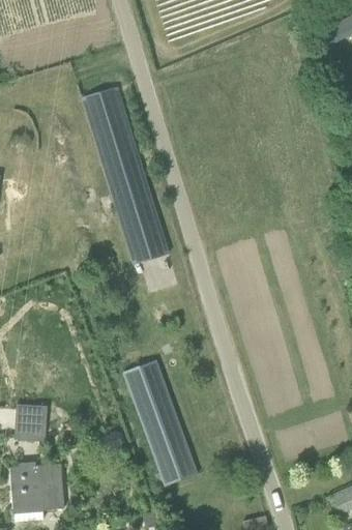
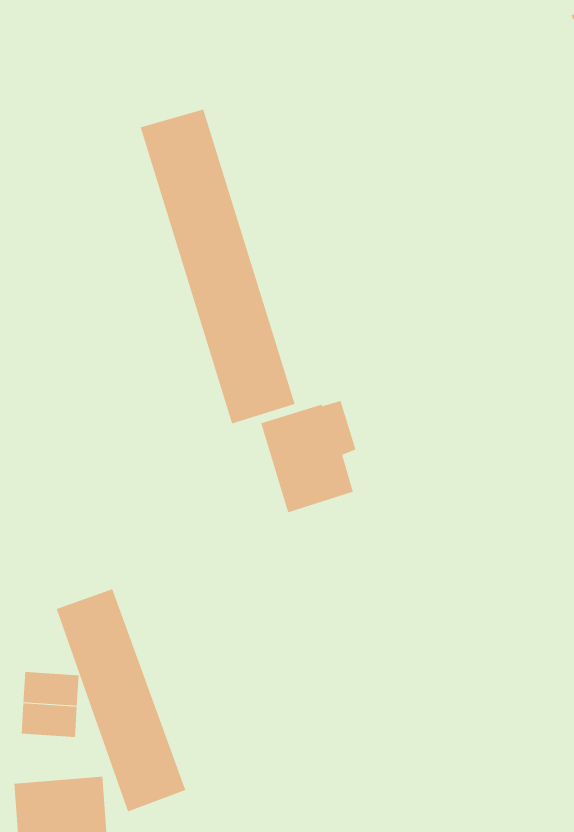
building: none -> [260,400,356,513]
building: [124,360,198,487] -> [56,589,186,812]

